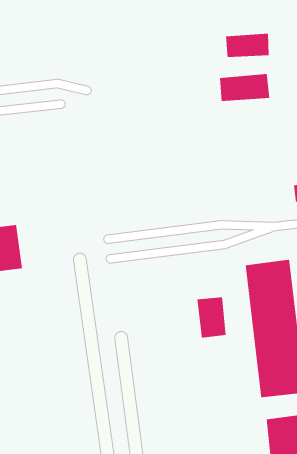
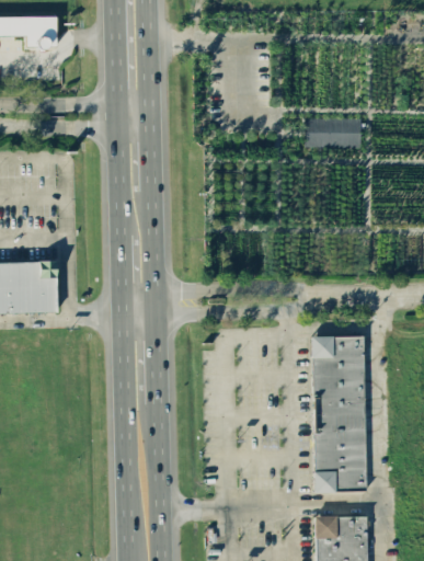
building: [226,33,269,58] -> none
building: [197,297,226,338] -> none

